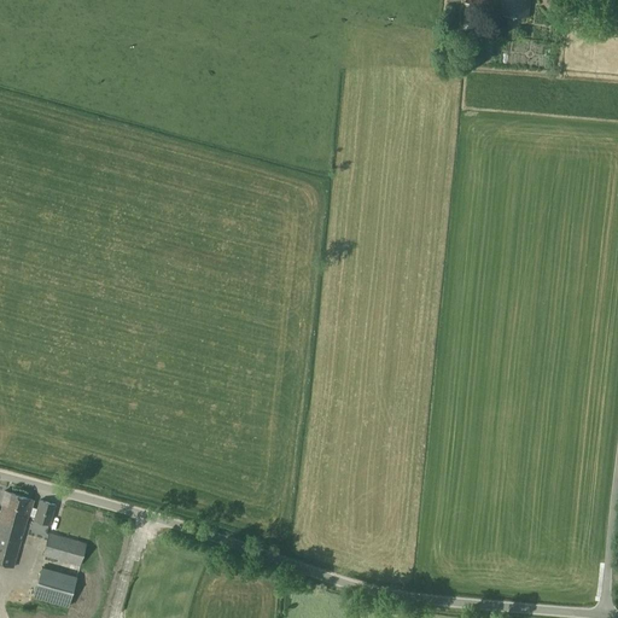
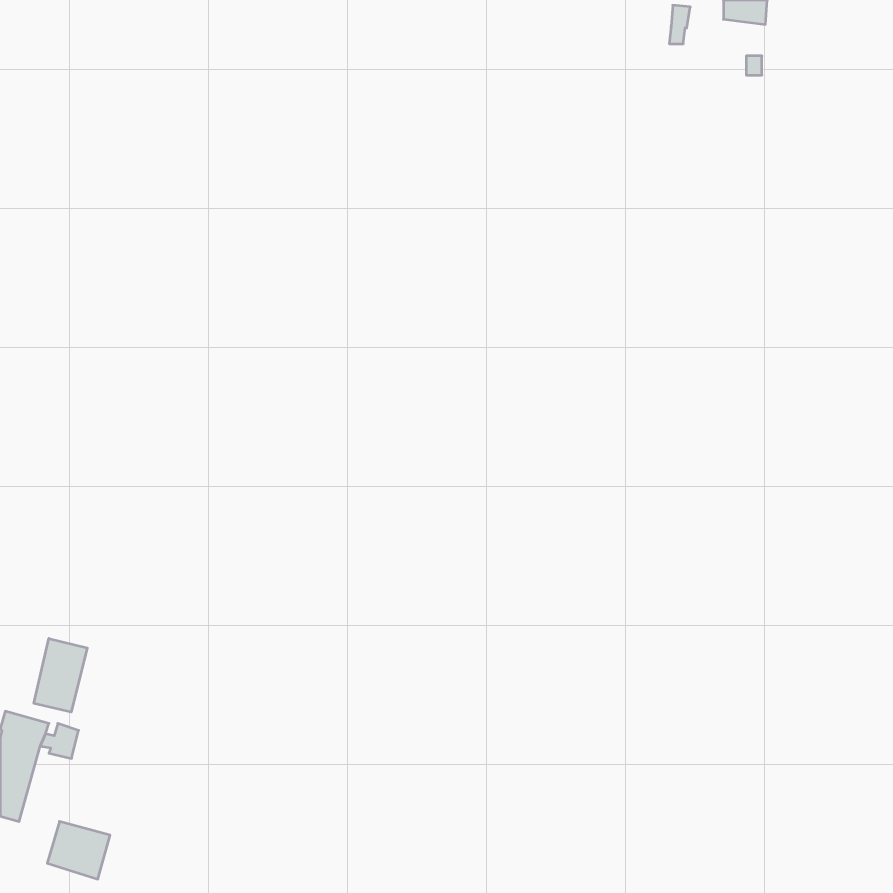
building: none -> [34,638,87,712]
building: [42,532,87,566] -> none

